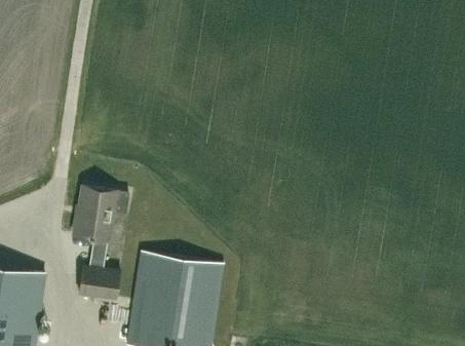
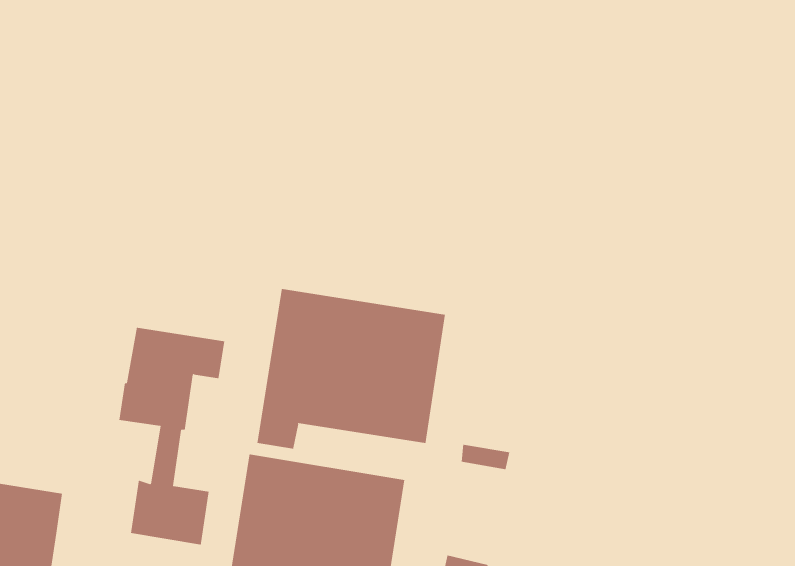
building: none -> [257,288,445,450]

